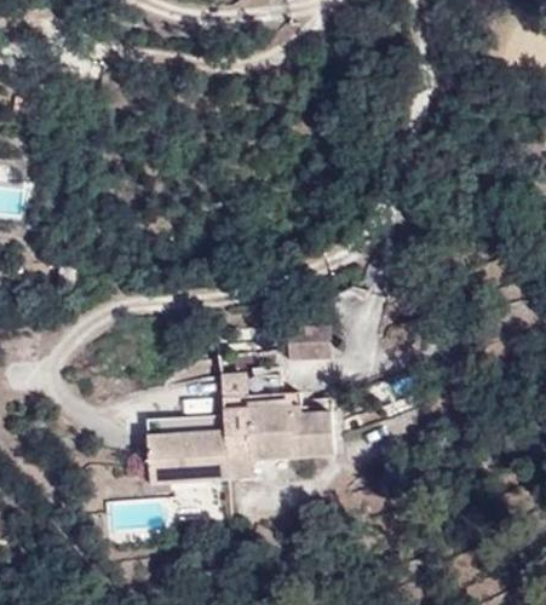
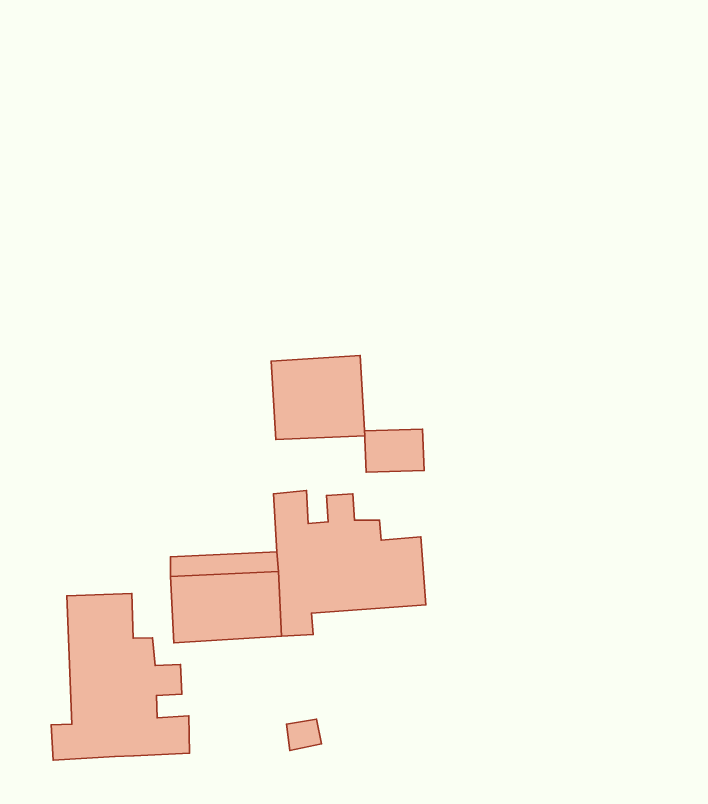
building: none -> [271,355,365,439]
building: none -> [51,594,189,760]

